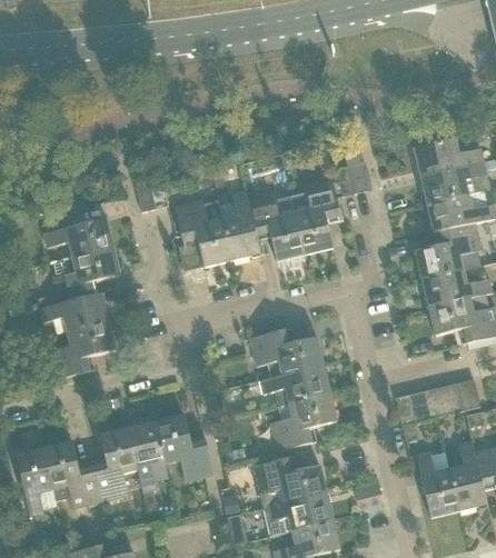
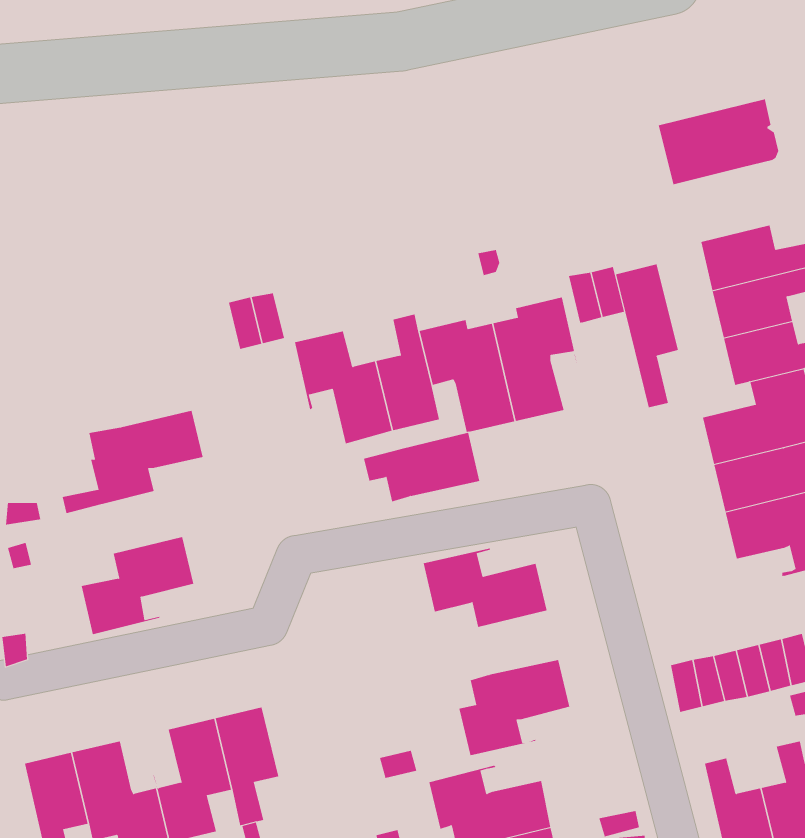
building: none -> [658,99,779,185]
building: none -> [616,263,678,408]
building: [44,218,115,257] -> none
building: [40,292,109,331] -> none
building: [261,365,330,406] -> [363,432,480,502]
building: [156,415,214,480] -> none

